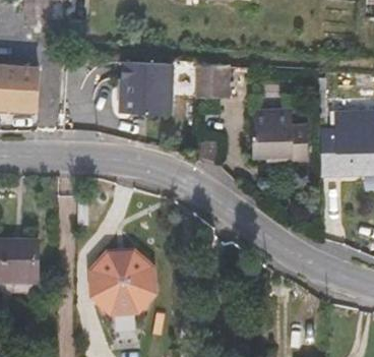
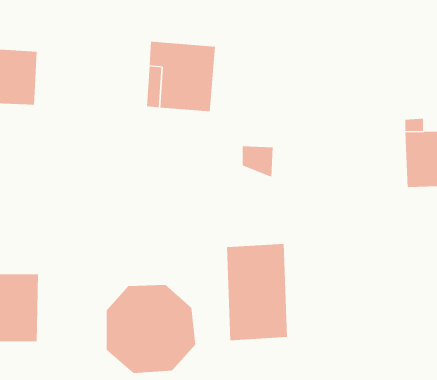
building: [195,64,230,98] -> none
building: [251,111,308,162] -> none
building: none -> [226,243,287,341]

